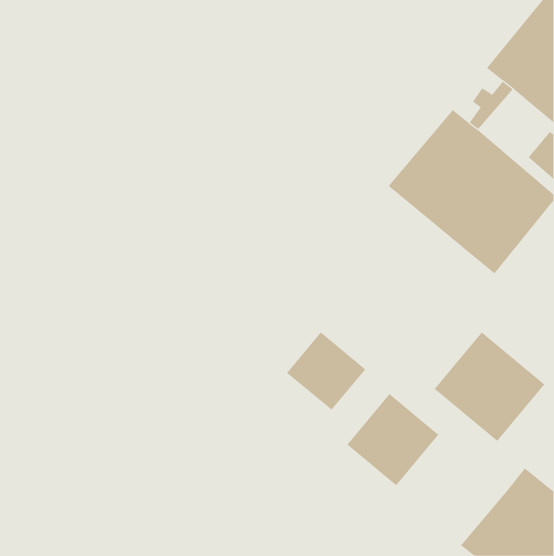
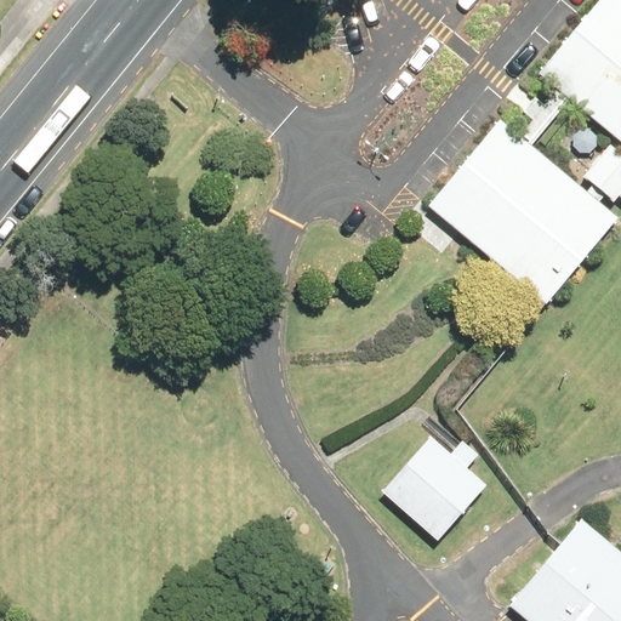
building: [286,331,366,411] -> none
building: [434,332,545,442] -> none

